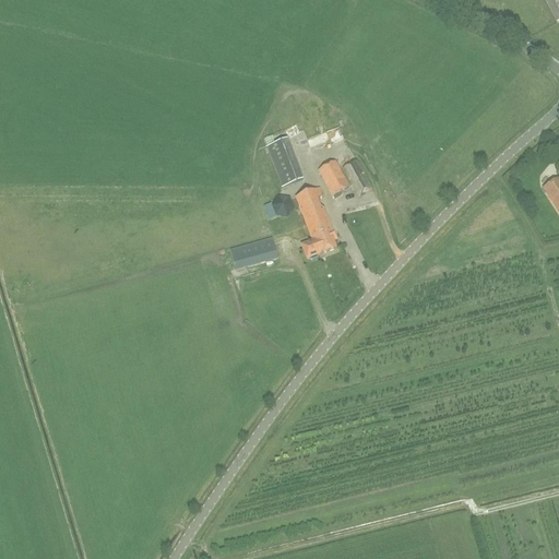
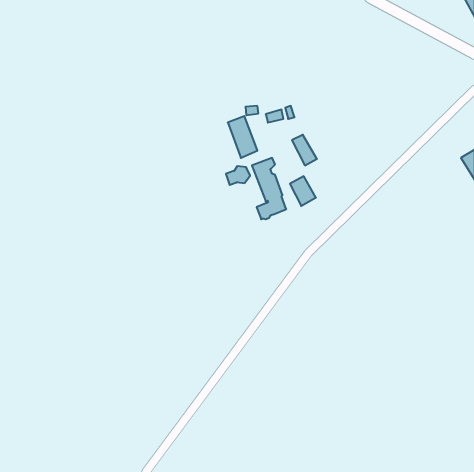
building: [320,159,350,194] -> [290,176,316,206]
building: [231,237,278,267] -> none

